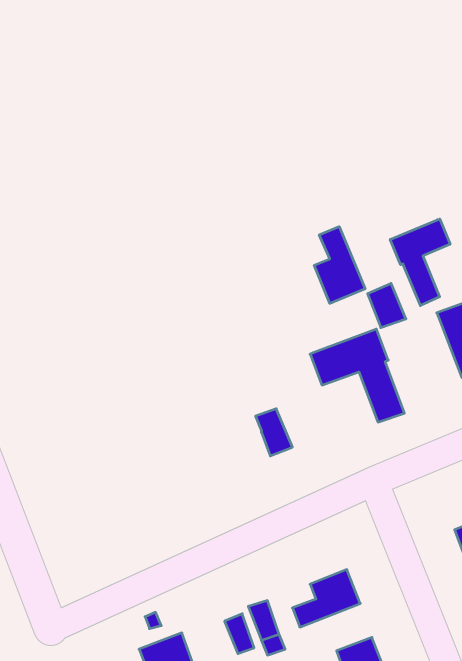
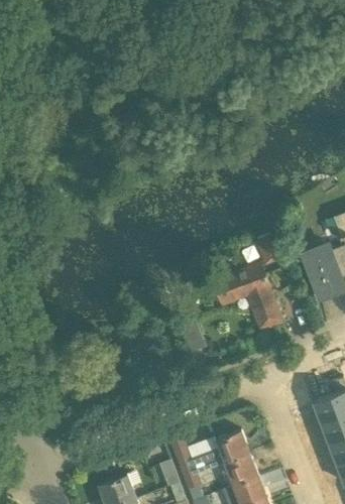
building: [390,219,450,306] -> none
building: [314,227,365,303] -> none
building: none -> [208,454,257,486]

